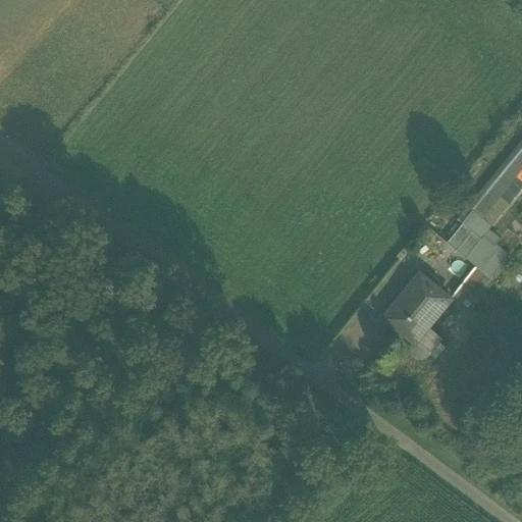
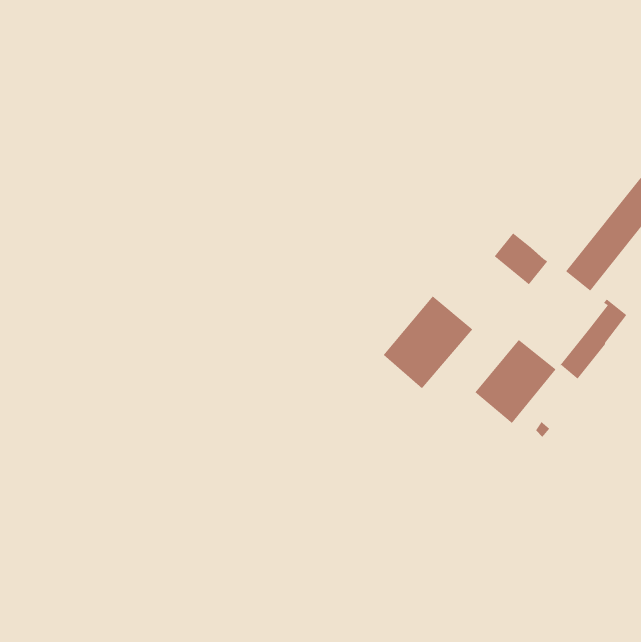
building: [450,223,493,266] -> [494,232,548,285]
building: none -> [383,296,473,389]

